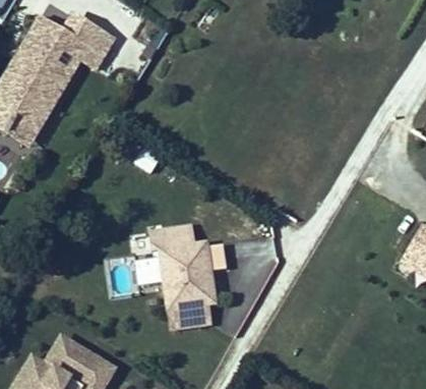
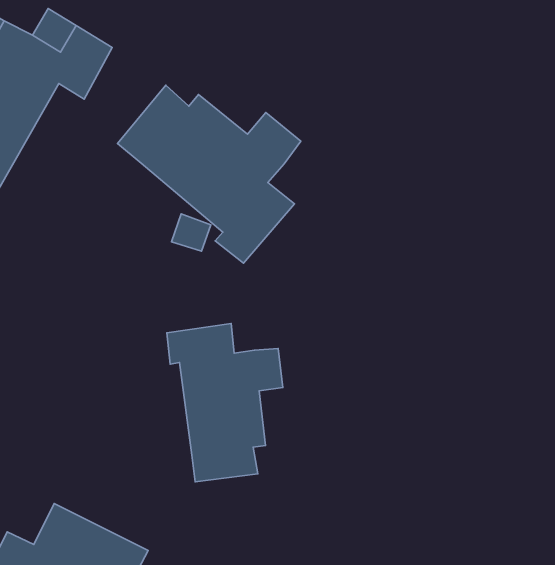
building: none -> [117,85,301,263]

